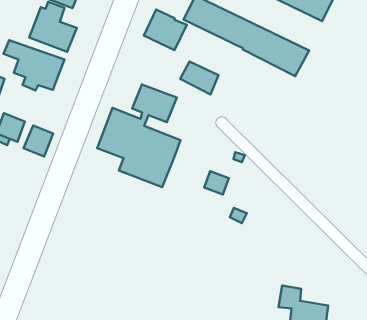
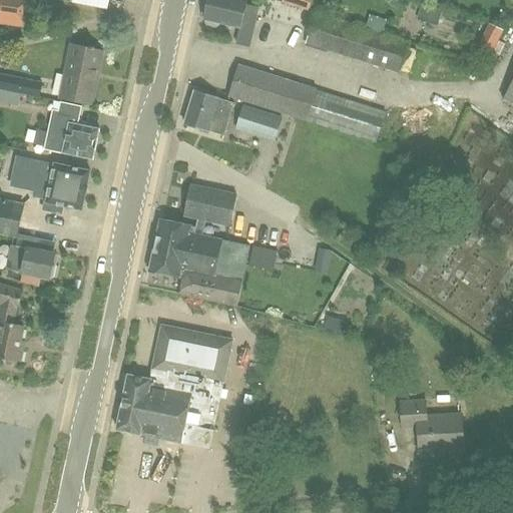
building: [180,61,219,94] -> [234,105,281,141]
building: [23,125,53,157] -> none
building: [204,171,229,195] -> [246,243,275,270]
building: none -> [115,325,231,443]

